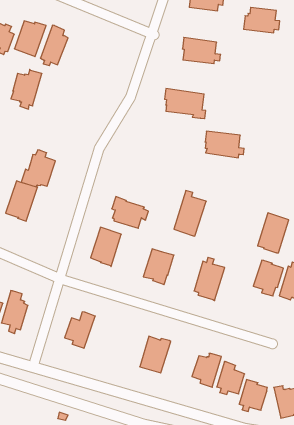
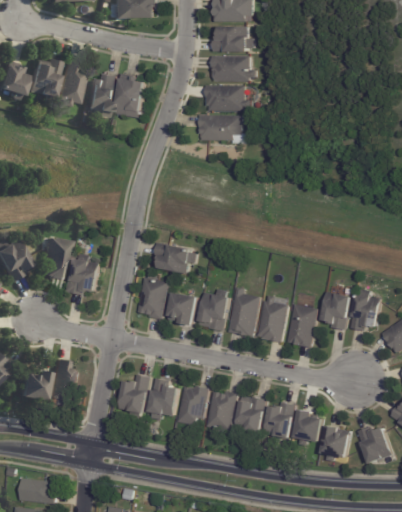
building: [244,7,280,33] -> [213,27,252,52]
building: none -> [114,77,143,117]
building: [11,69,42,109] -> [84,73,115,117]
building: [205,131,244,158] -> [205,86,249,111]
building: [21,150,55,187] -> [65,254,100,295]
building: [174,191,206,236] -> [227,288,259,337]
building: [258,213,289,253] -> [286,305,317,348]
building: none -> [168,293,197,325]
building: none -> [148,377,178,418]
building: none -> [177,386,208,425]
building: none -> [237,396,266,433]

